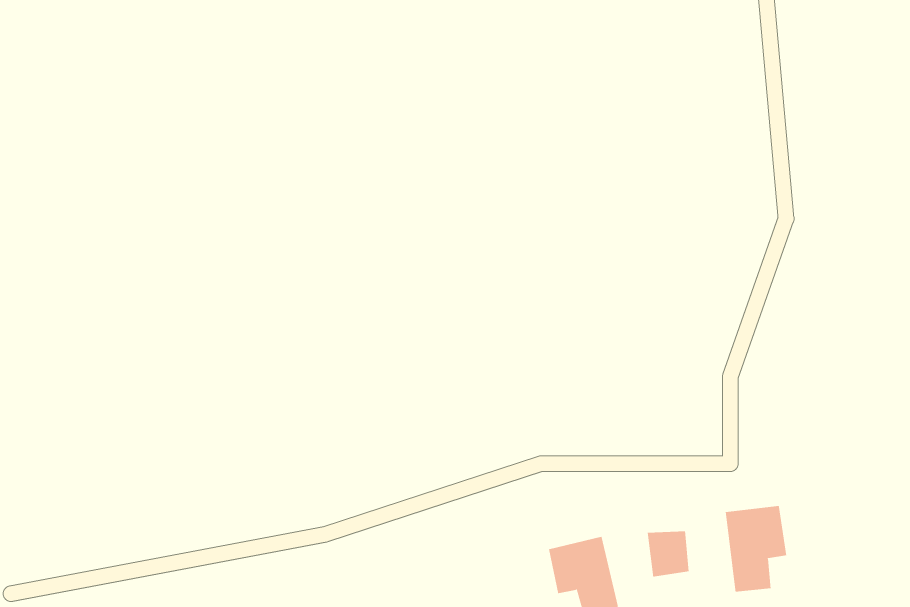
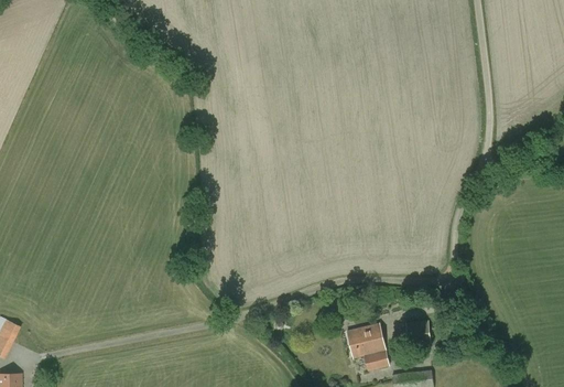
building: [725,505,787,592] -> none

